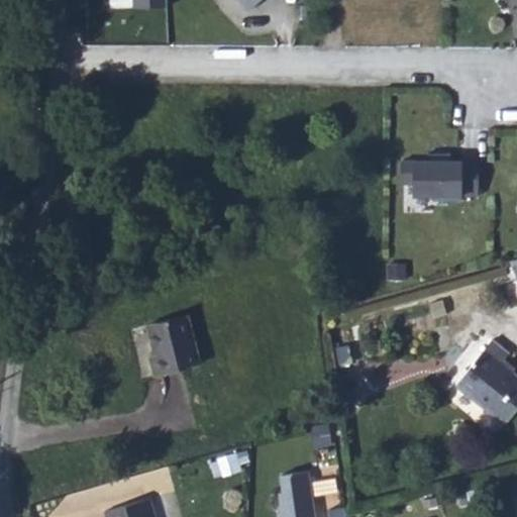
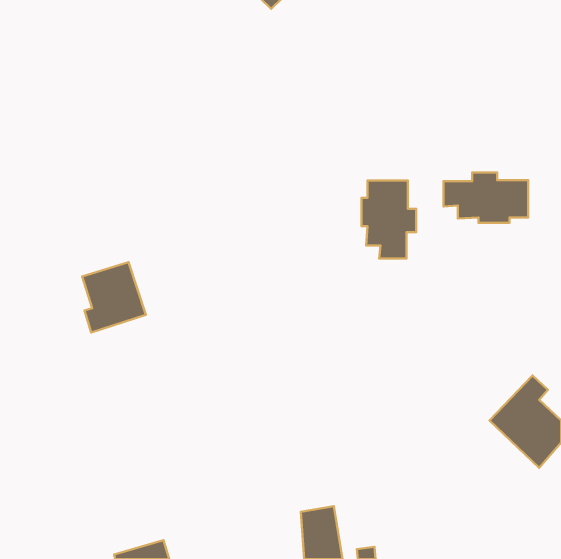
building: none -> [361,180,416,259]
building: [153,313,212,378] -> [82,262,146,332]

